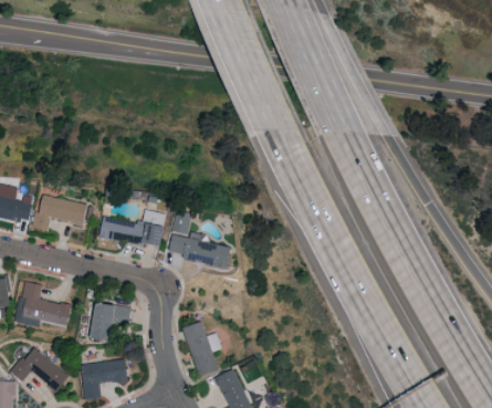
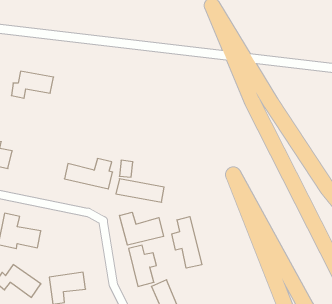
building: [31,196,86,231] -> [11,71,54,98]
building: none -> [120,212,164,245]
building: none -> [172,217,202,268]
building: [95,304,130,341] -> none

